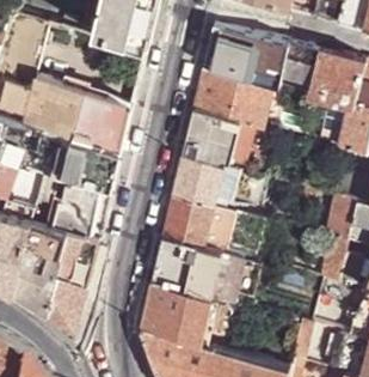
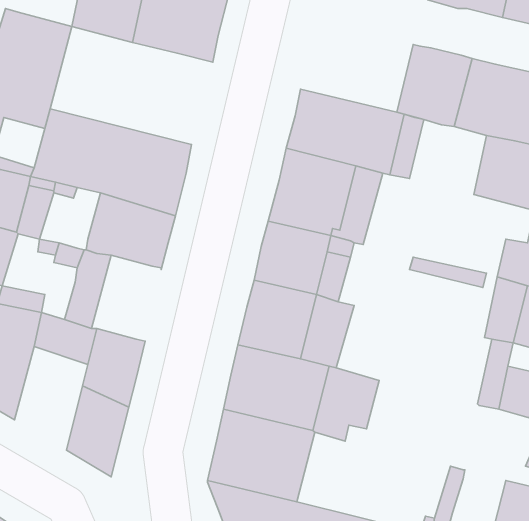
building: [205,19,281,80] -> none
building: [66,176,112,233] -> none
building: [14,237,63,306] -> none

